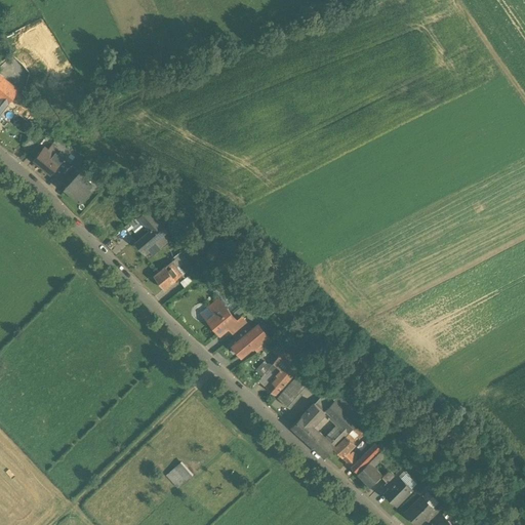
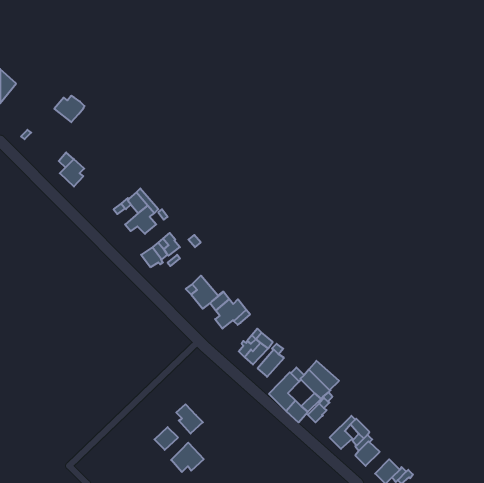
building: [33,147,66,175] -> [54,96,85,122]
building: none -> [176,404,203,434]
building: [341,444,379,474] -> none
building: none -> [171,443,204,472]

